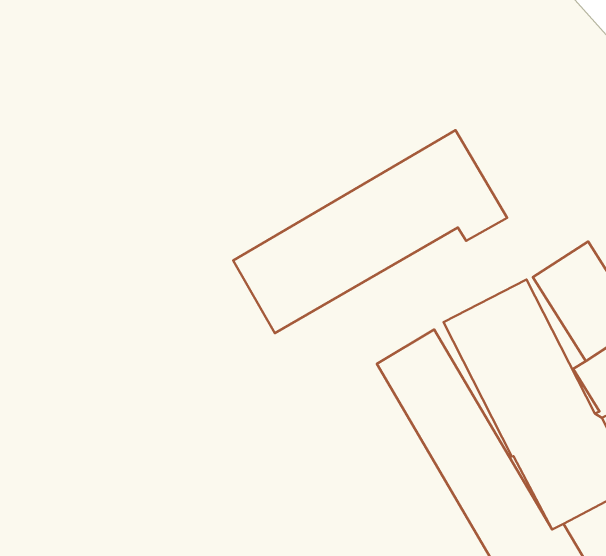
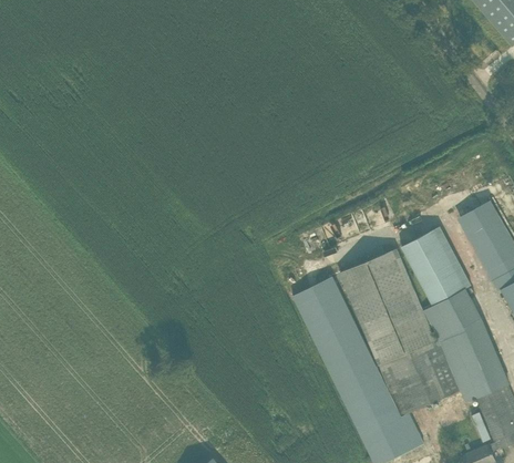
building: [233,130,507,333] -> none

